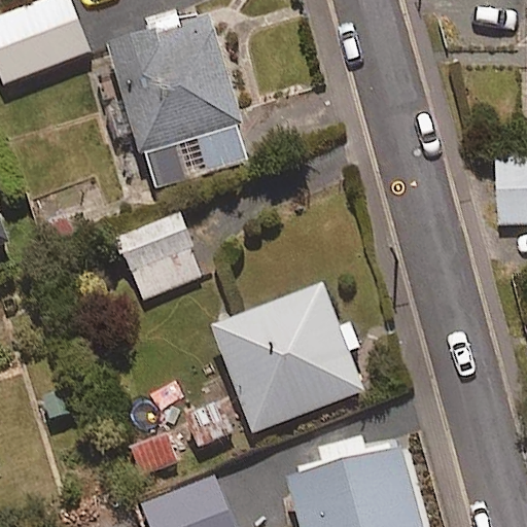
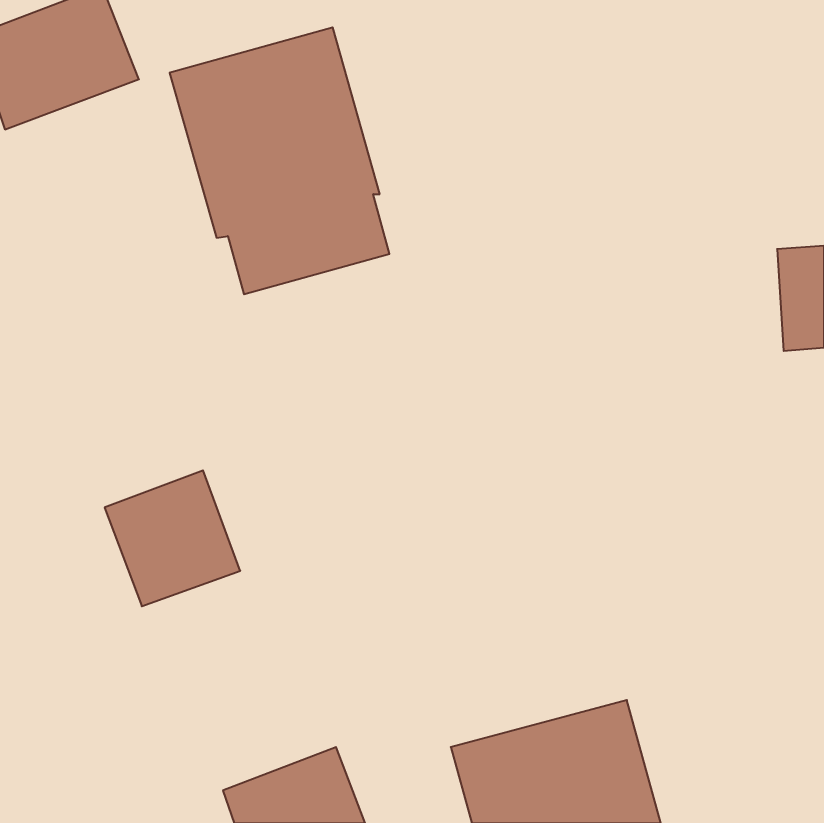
building: [115,212,202,298] -> [105,470,240,606]
building: [213,284,363,431] -> none

